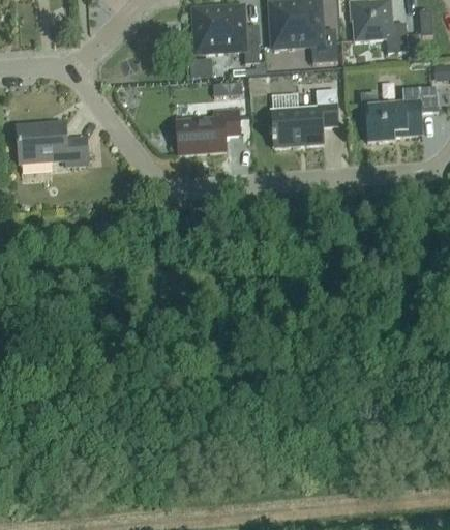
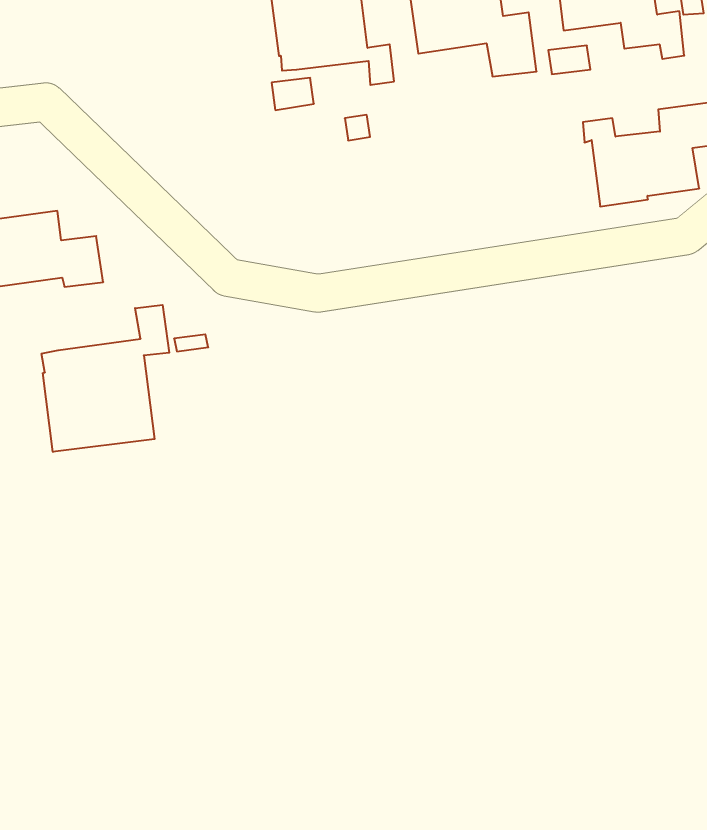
building: [270,88,339,146] -> none
building: [175,107,239,152] -> none
building: none -> [42,305,169,452]

